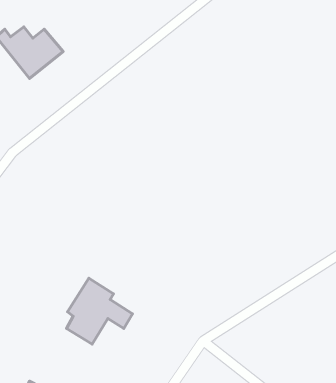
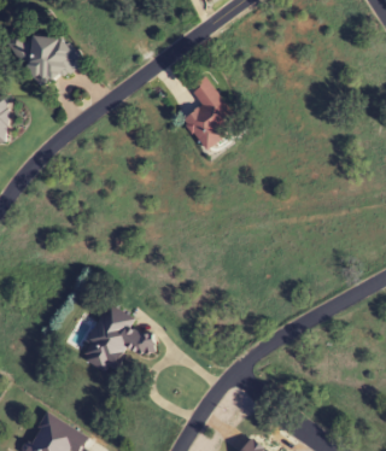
building: none -> [182,74,238,147]

